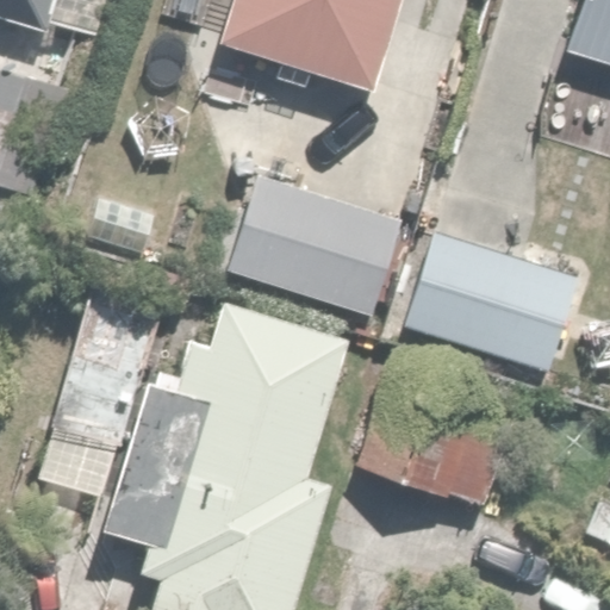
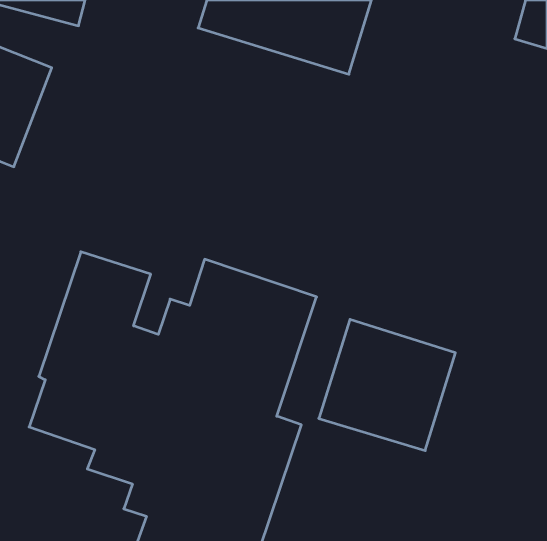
building: [224,176,407,322] -> none
building: [400,229,579,375] -> none

